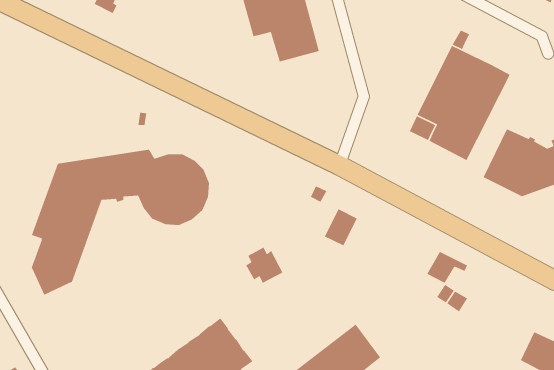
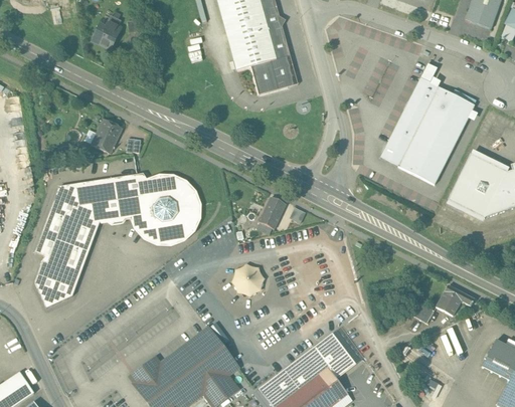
building: none -> [91,119,122,154]
building: [324,208,358,247] -> [258,195,289,230]
building: [426,251,468,284] -> [436,285,474,316]

